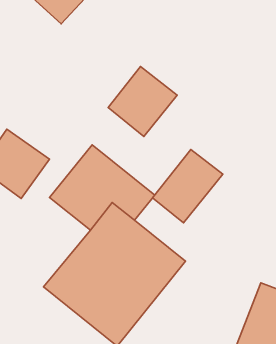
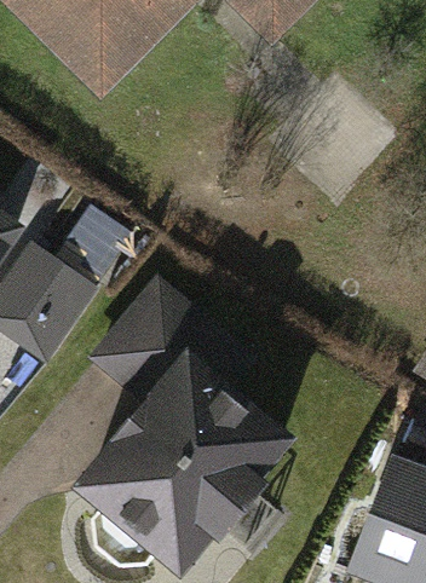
building: [108,66,177,137] -> none
building: [153,149,223,223] -> none

